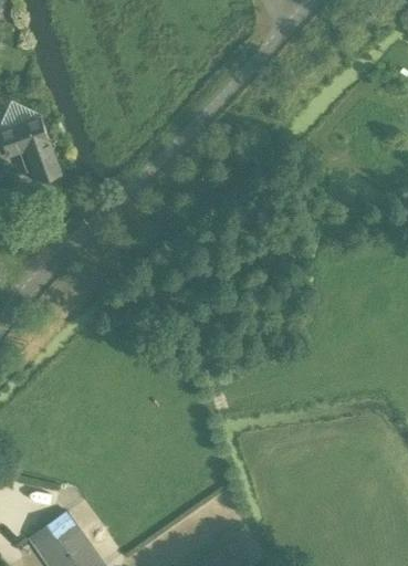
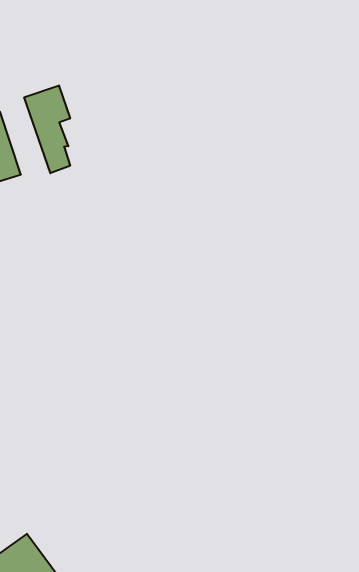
building: none -> [24,85,70,173]

